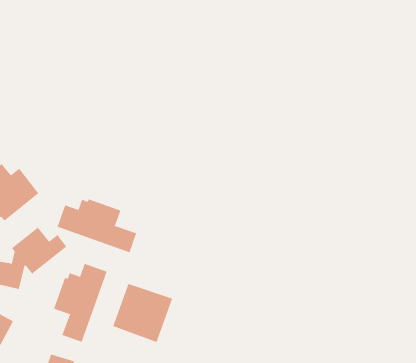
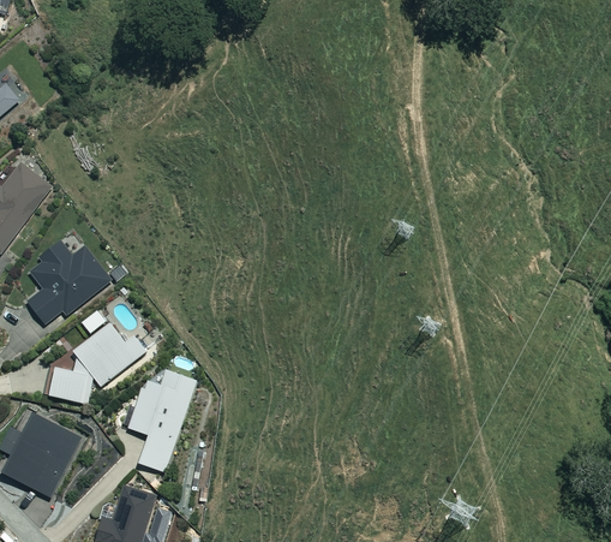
building: [57,198,137,253] -> none
building: [112,283,173,343] -> none

